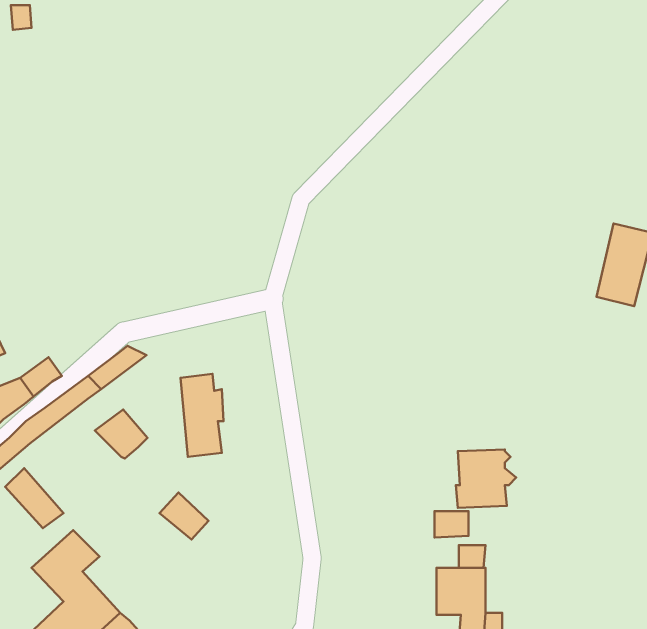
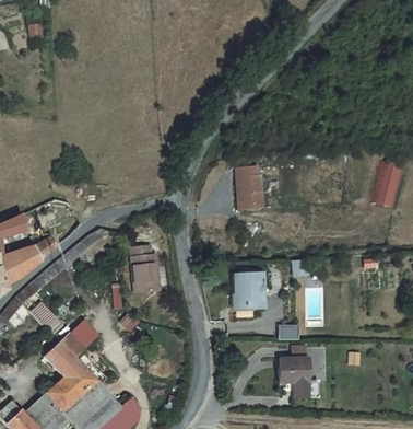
building: none -> [234,164,259,207]
building: [95,410,147,459] -> [69,322,99,350]
building: [456,449,516,508] -> [234,270,269,304]

